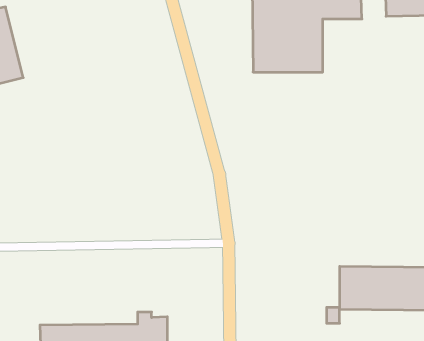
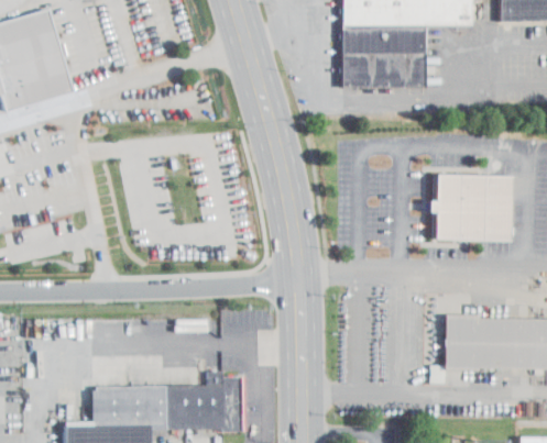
building: none -> [429,174,513,241]

